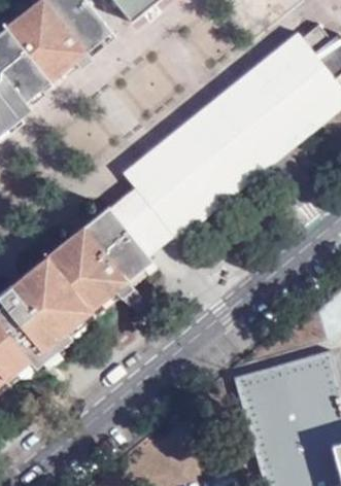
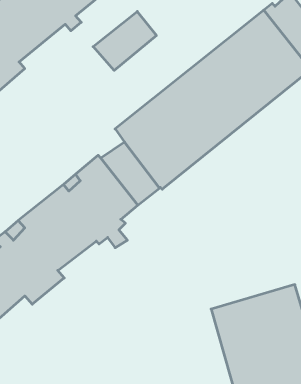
building: none -> [93,11,156,70]

